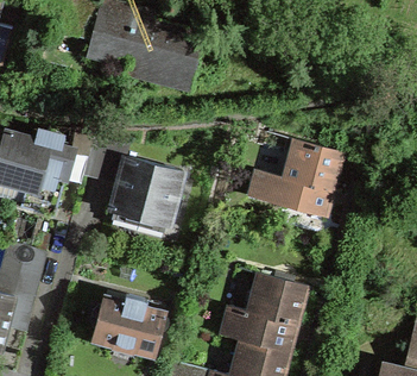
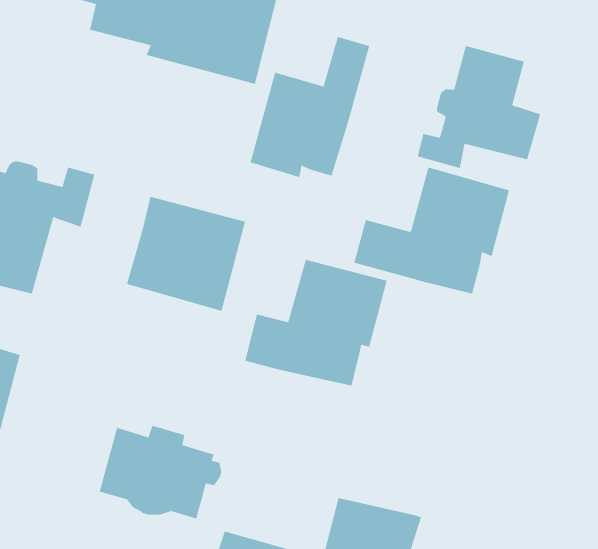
building: none -> [250,36,370,178]
building: none -> [417,45,541,169]
building: [219,274,305,351] -> [245,259,387,386]

